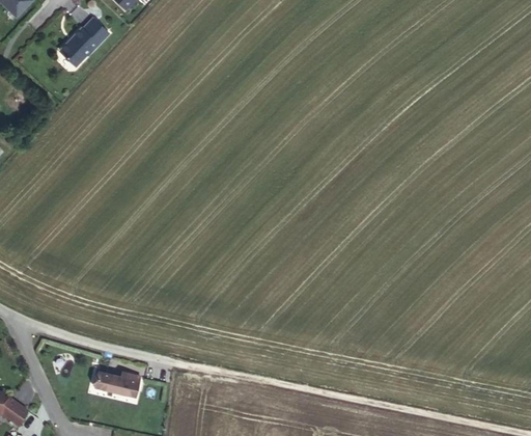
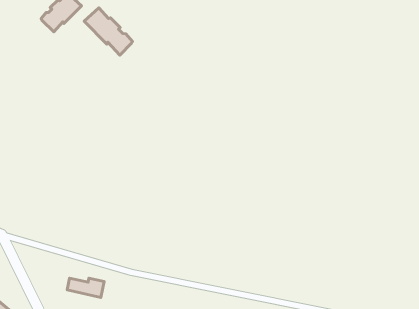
building: none -> [84,8,132,55]

